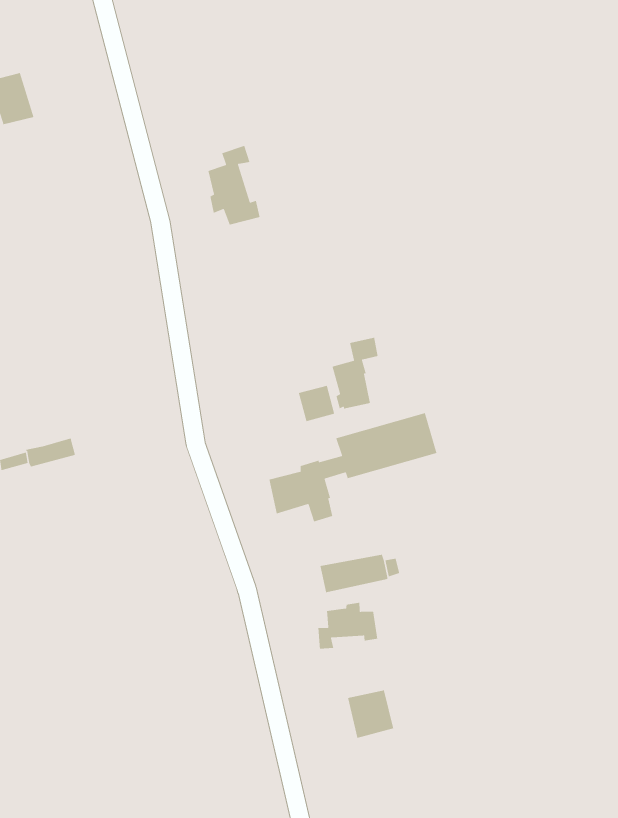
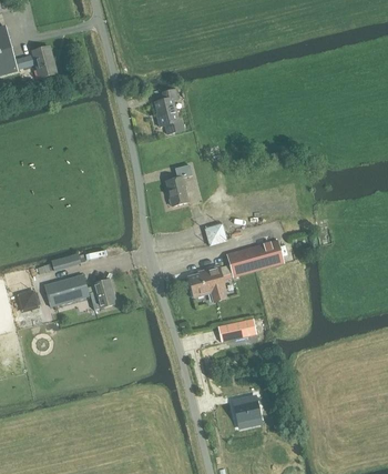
building: [331,337,379,409] -> [165,164,192,205]
building: none -> [44,274,116,309]
building: [318,602,378,649] -> none

